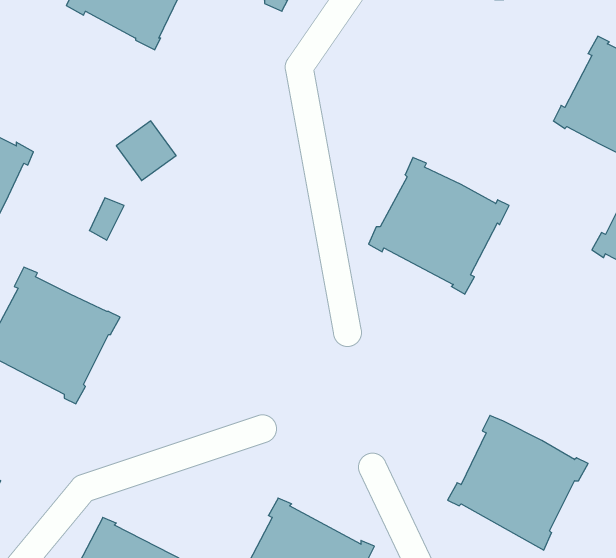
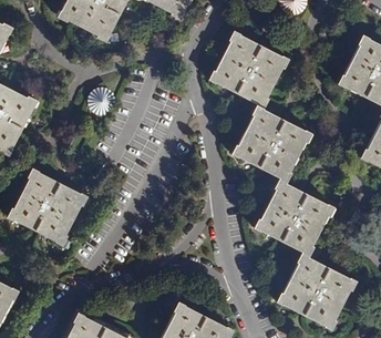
building: none -> [209,30,290,107]
building: none -> [254,178,336,256]

